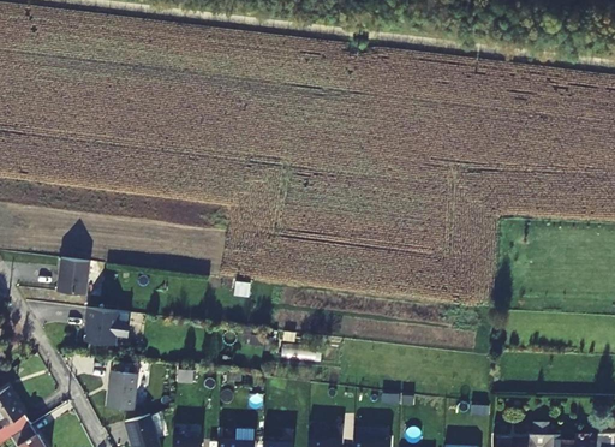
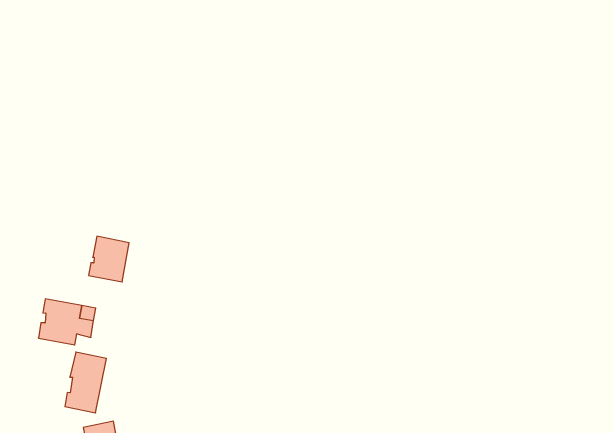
building: [55,266,88,303] -> [89,236,129,282]

